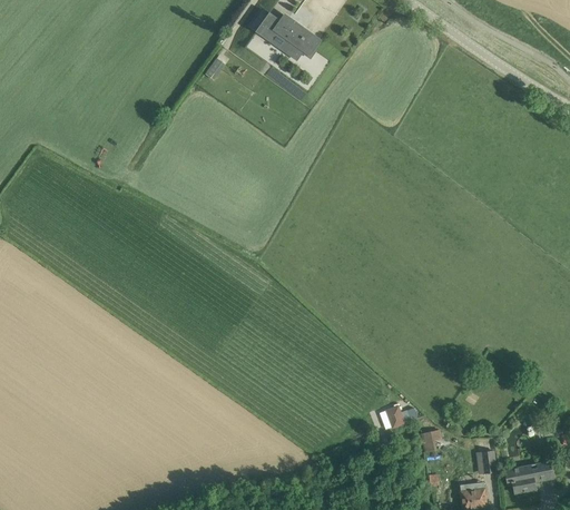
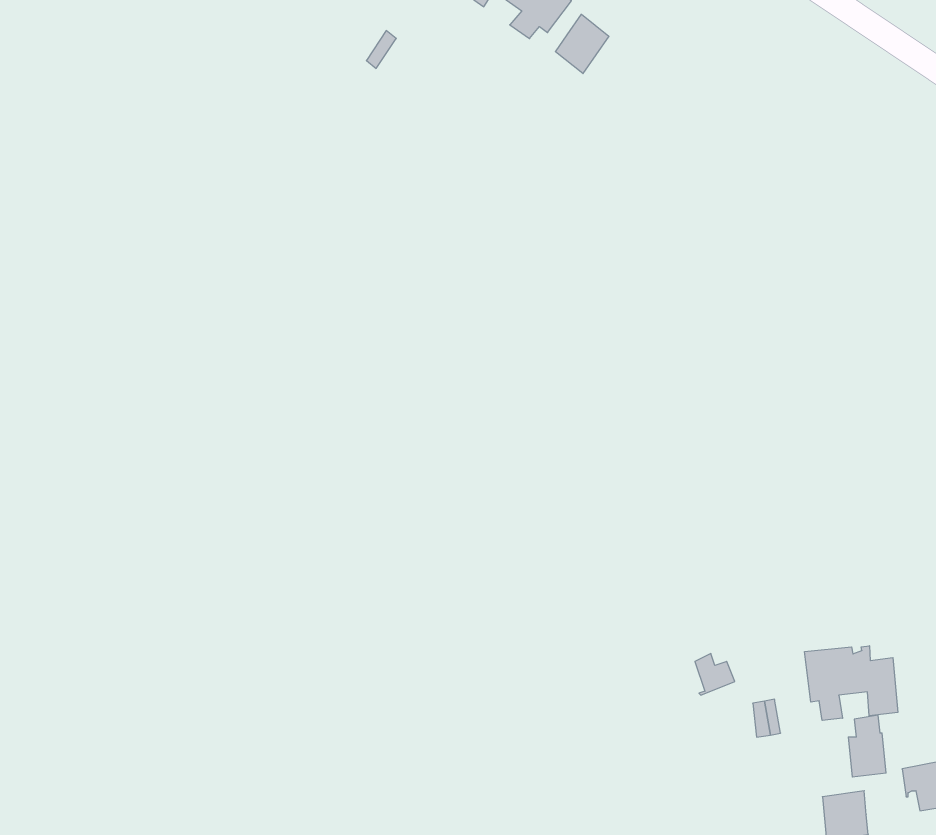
building: none -> [555,14,609,74]
building: none -> [805,646,898,720]

